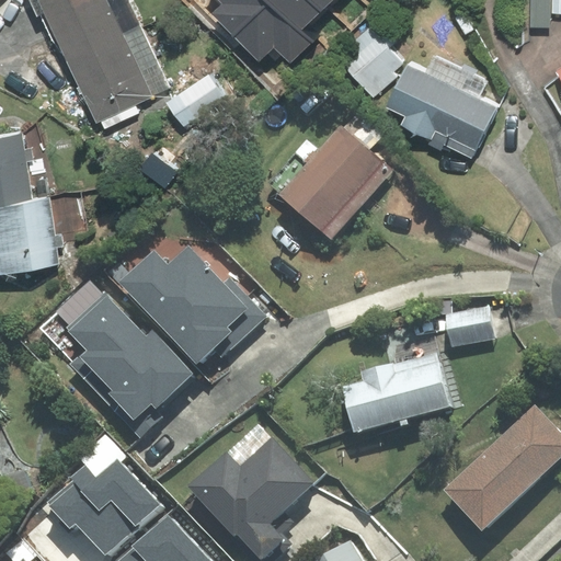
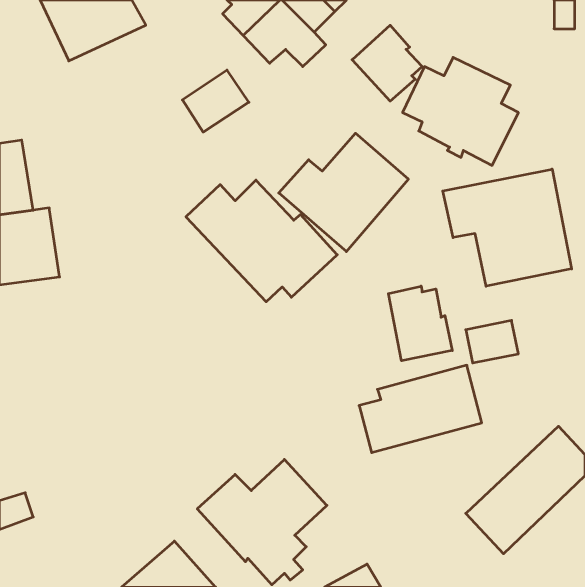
building: [66,24,169,123] -> none
building: none -> [443,169,572,286]
building: [119,245,264,362] -> [186,180,337,302]
building: none -> [388,286,452,361]
building: [66,294,190,438] -> none
building: [48,447,160,554] -> none

